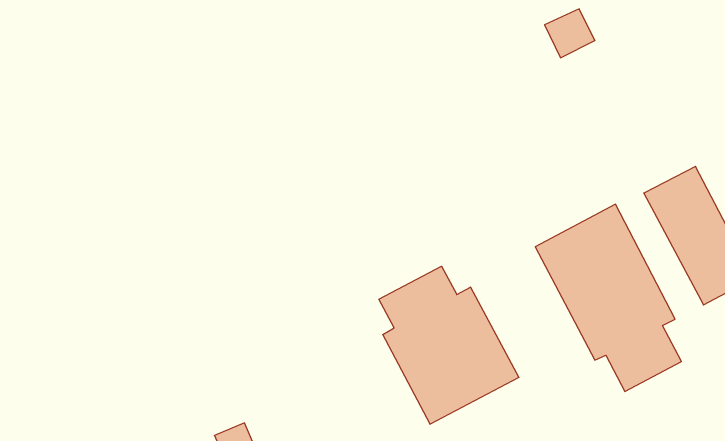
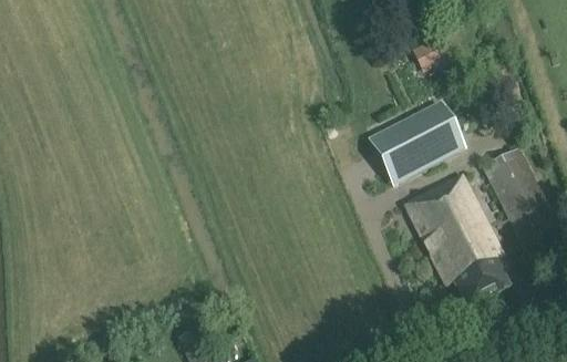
building: none -> [377,105,460,178]
building: [379,266,519,424] -> none

